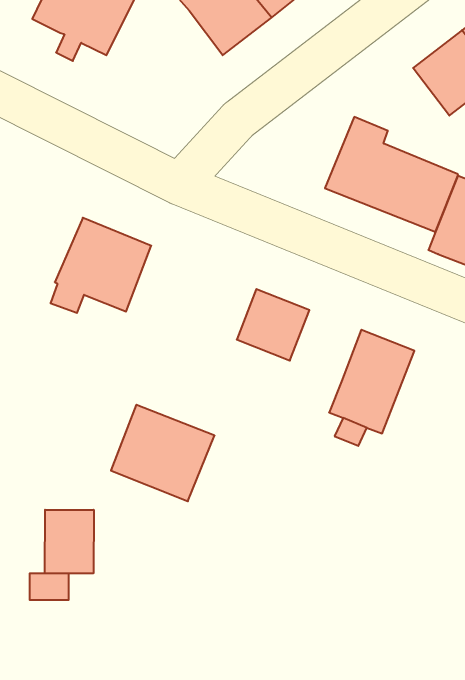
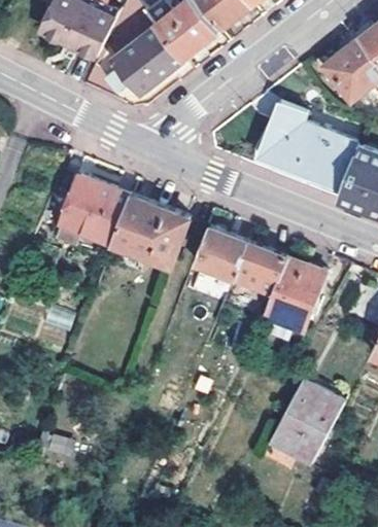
building: none -> [106,23,183,91]
building: none -> [233,243,285,295]
building: [111,405,215,501] -> [112,196,188,267]
building: none -> [271,388,342,465]
building: [45,510,94,573] -> none

